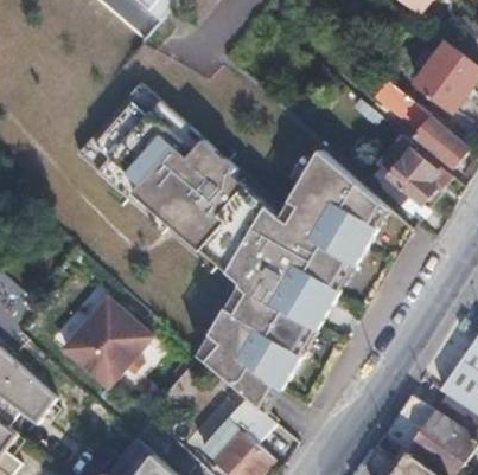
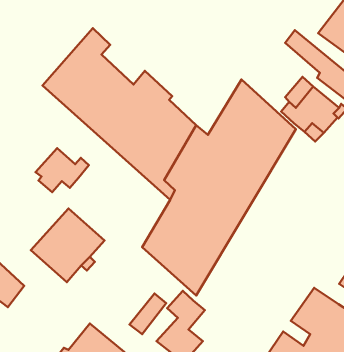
building: none -> [36,148,89,192]

